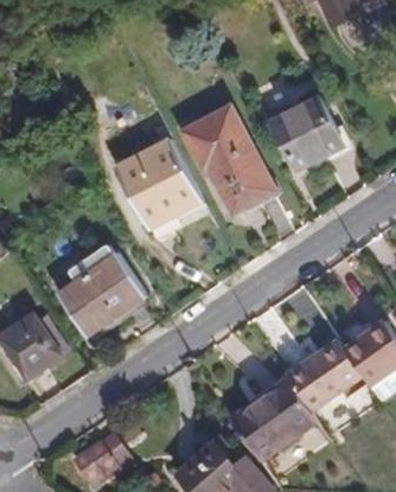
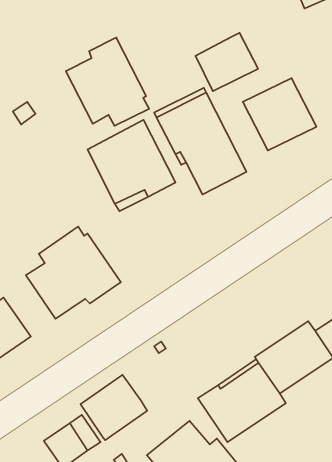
building: none -> [196,33,258,91]
building: none -> [66,38,149,126]
building: none -> [80,375,147,440]

